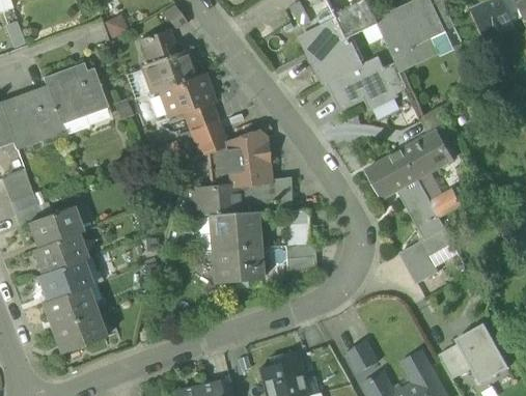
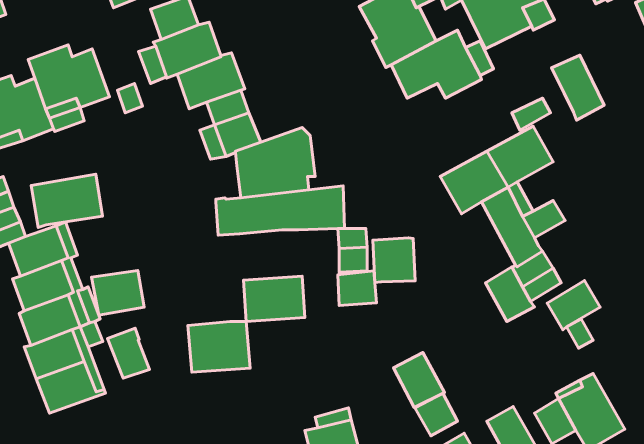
building: none -> [551,55,604,120]
building: none -> [31,174,103,227]
building: [209,210,257,250] -> [188,322,250,372]
building: none -> [373,238,415,283]
building: none -> [92,270,144,315]
building: none -> [547,281,600,330]
building: none -> [108,328,149,378]
building: none -> [393,352,444,407]

